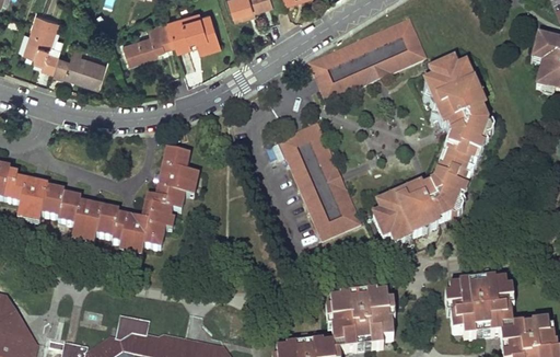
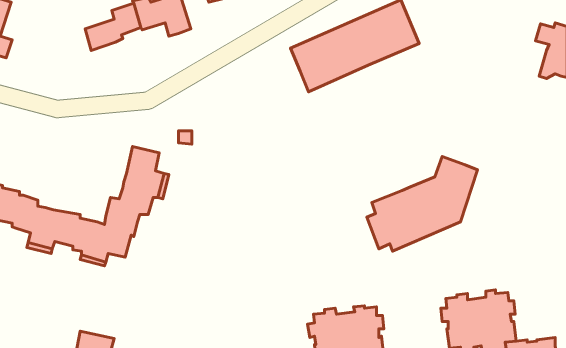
building: [54,49,107,84] -> none
building: [425,55,493,164] -> none
building: [279,119,362,237] -> none

